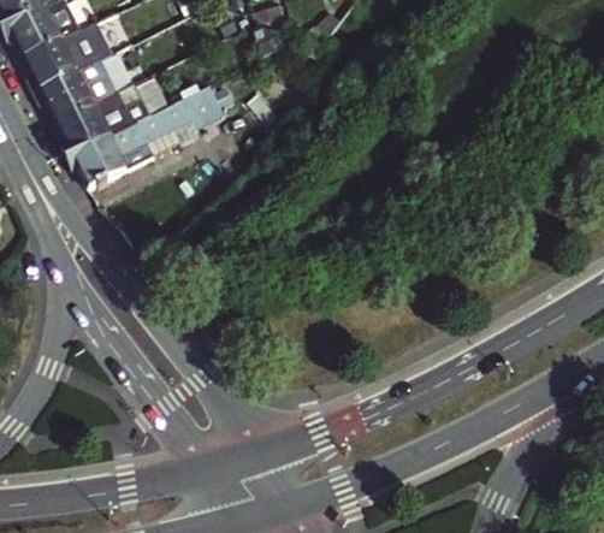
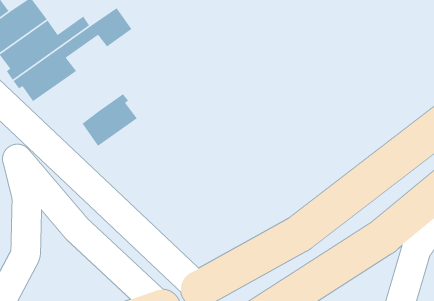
building: none -> [81,93,138,147]

